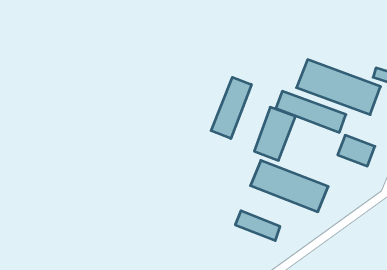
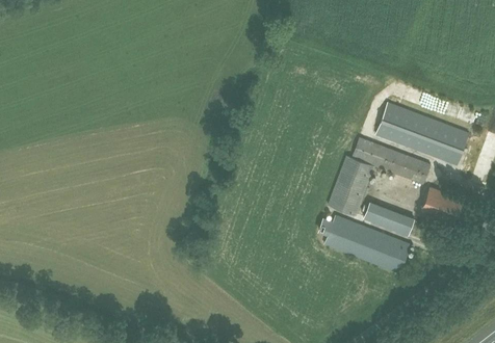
building: [211,77,251,139] -> none
building: [235,211,280,241] -> [363,202,413,235]

